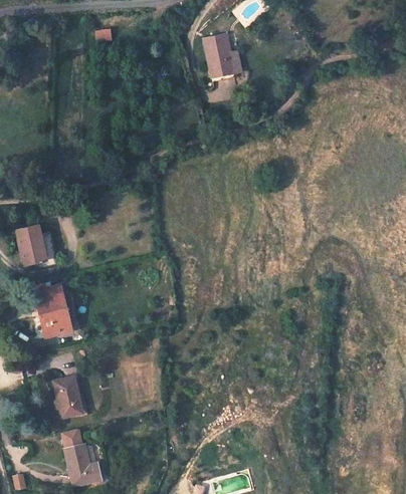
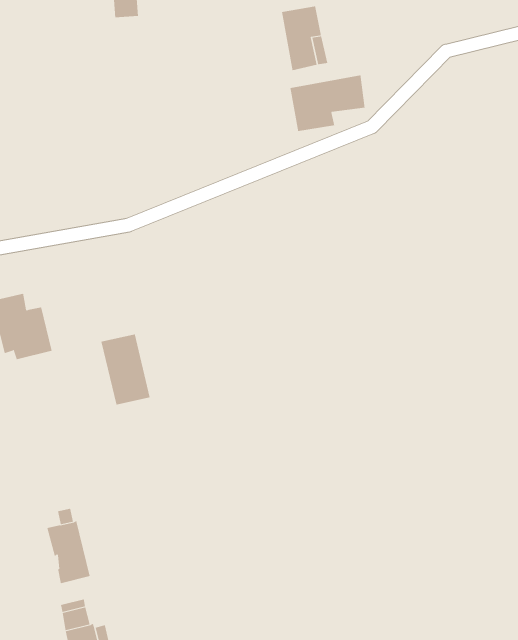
building: none -> [290,75,365,132]
building: [35,287,68,334] -> [101,334,151,405]

